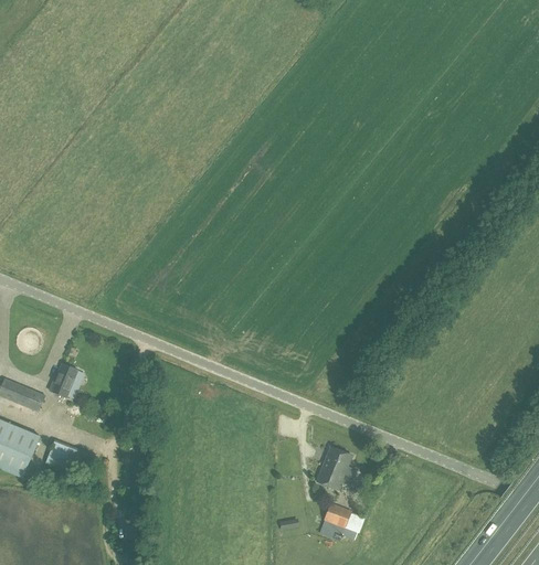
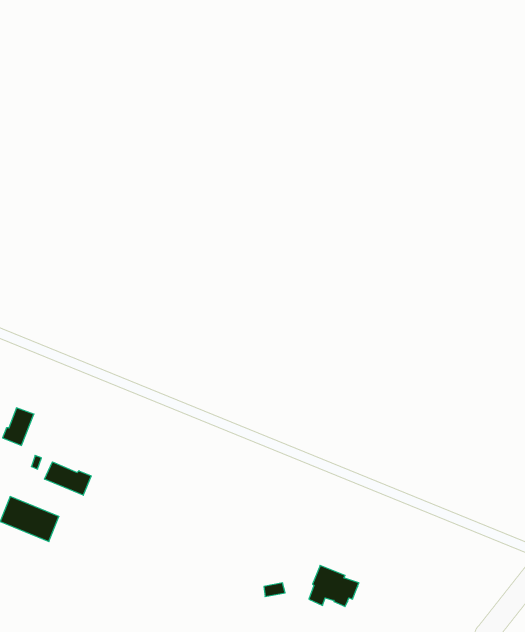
building: none -> [45,462,91,495]
building: [316,447,351,489] -> none

